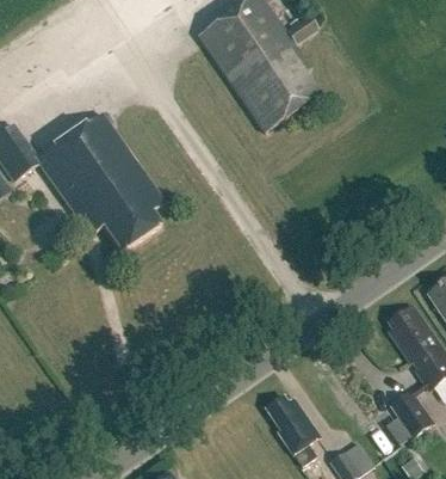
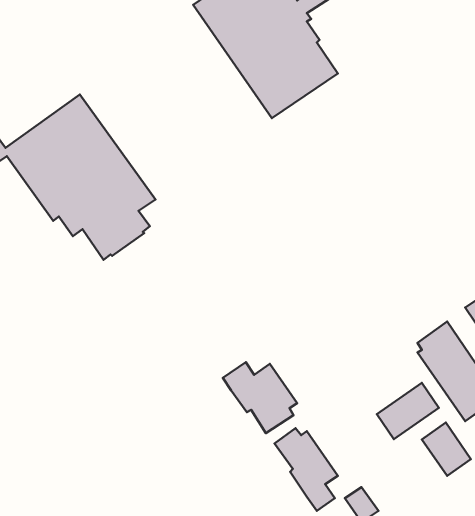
building: none -> [223,362,297,433]
building: none -> [377,383,439,439]

